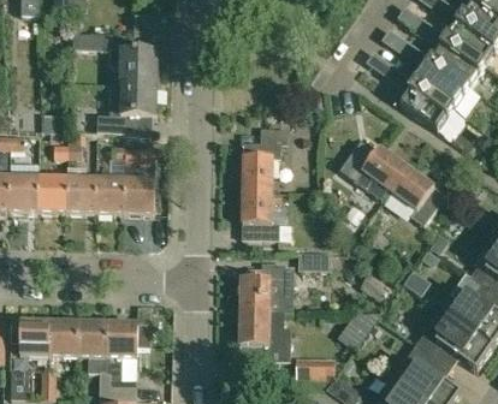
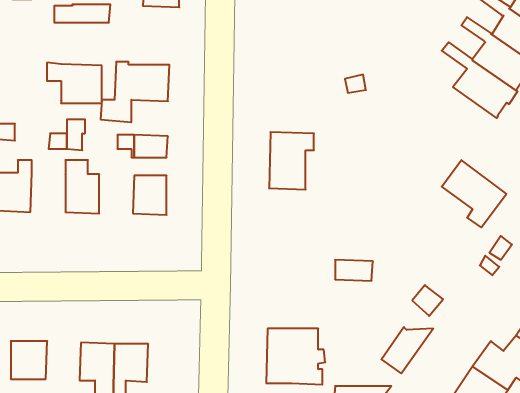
building: [108,49,155,84] -> [47,63,102,103]
building: [345,147,405,200] -> none
building: [36,177,66,210] -> none
building: [95,178,125,212] -> none
building: [239,190,290,239] -> none
building: [239,263,292,311] -> none
building: [49,321,79,355] -> none

